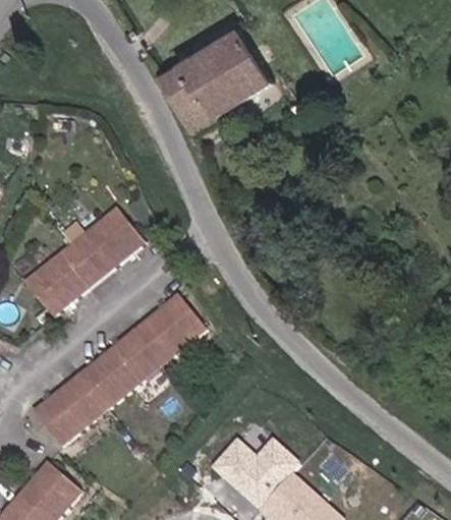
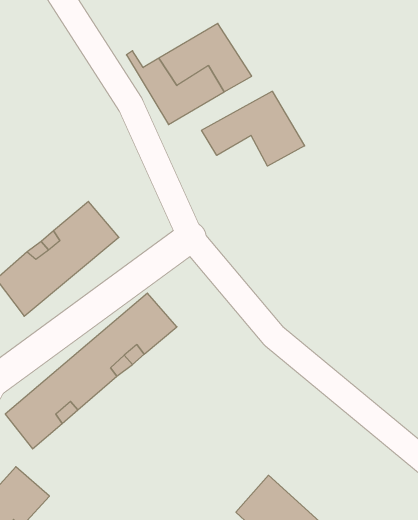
building: none -> [202,91,305,166]
building: [211,439,297,507] -> none

